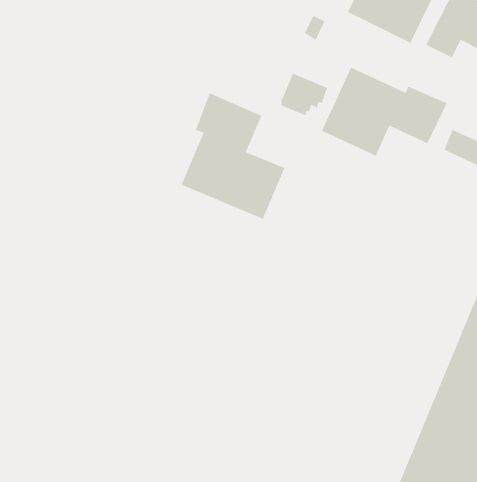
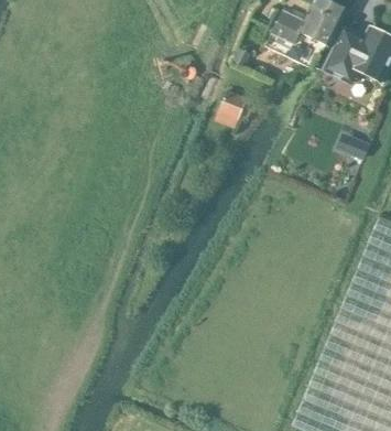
building: [321,67,448,157] -> none
building: [181,93,285,220] -> none

